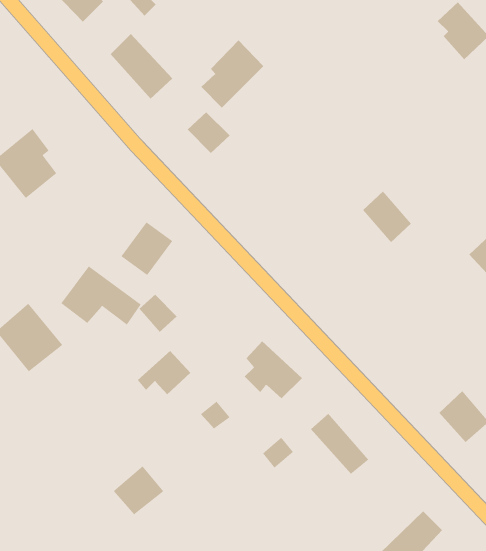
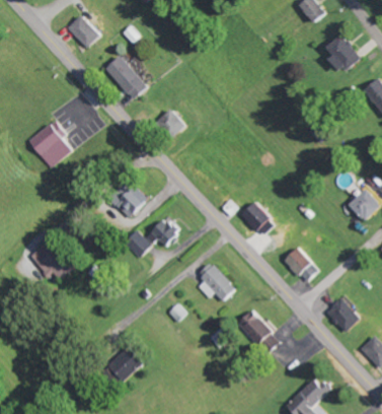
building: [201,39,264,109] -> none
building: [362,191,412,243] -> [240,200,274,235]
building: [60,265,142,325] -> none
building: none -> [284,246,319,282]
building: [137,350,191,395] -> [144,216,180,247]

